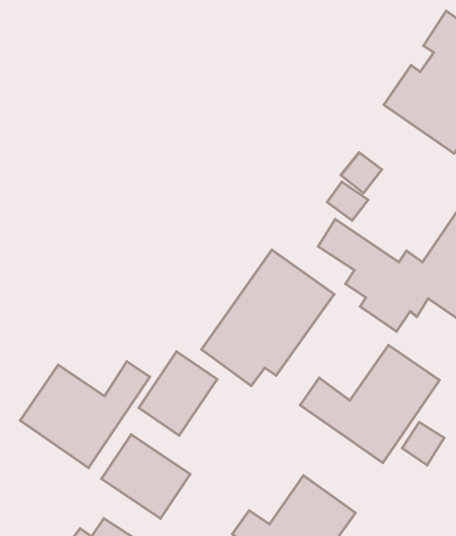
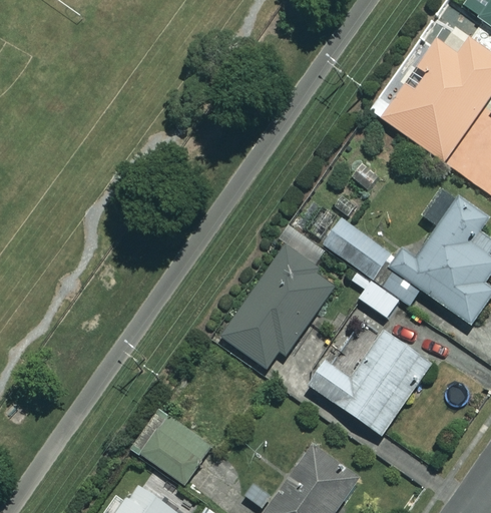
building: [139,352,217,435] -> none
building: [20,361,150,468] -> none

